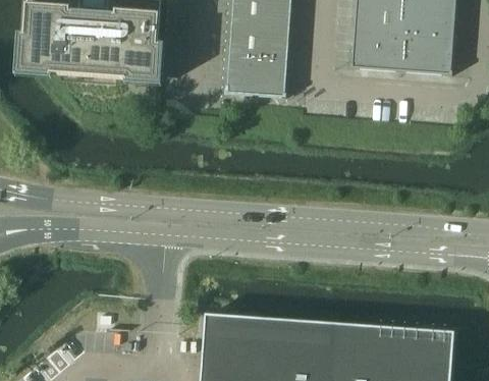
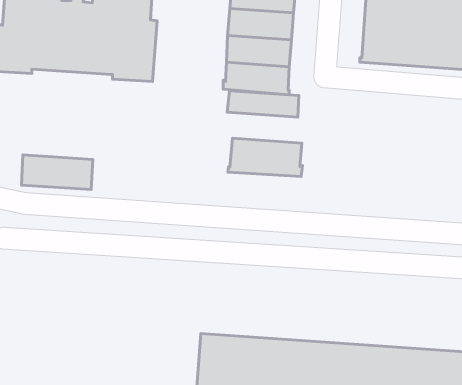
building: none -> [227,91,299,117]
building: none -> [228,138,303,176]
building: none -> [21,155,93,190]

